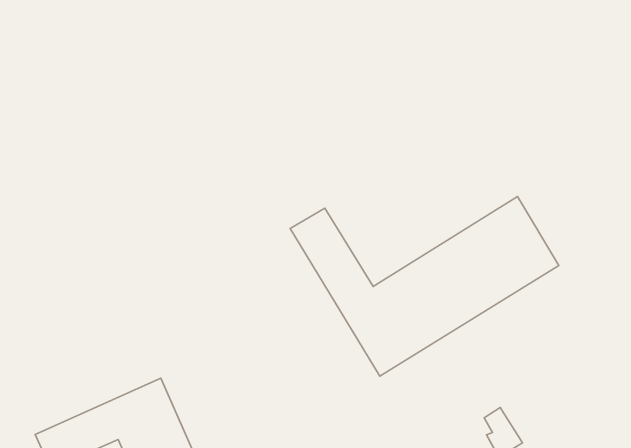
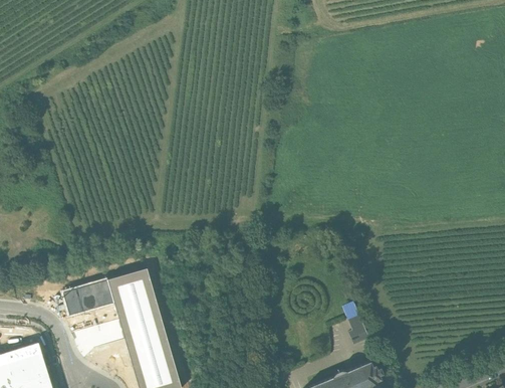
building: [290,196,559,376] -> none

